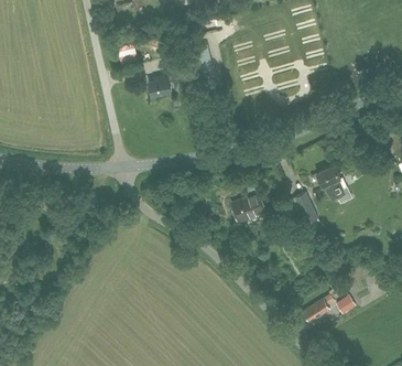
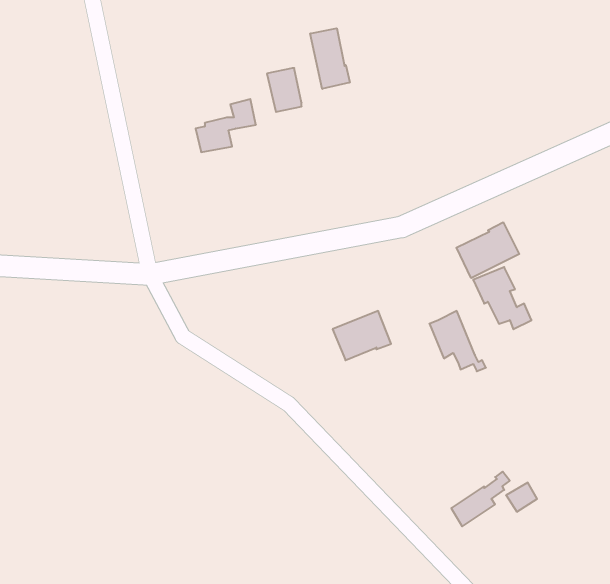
building: none -> [310,28,350,89]
building: none -> [456,222,519,278]

